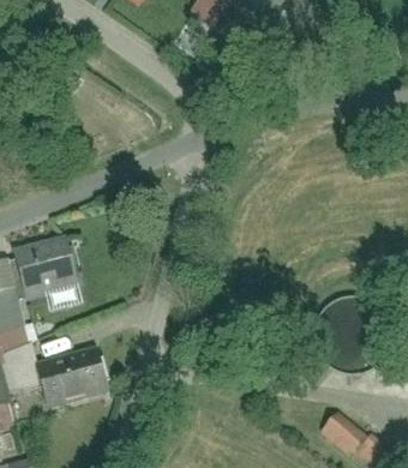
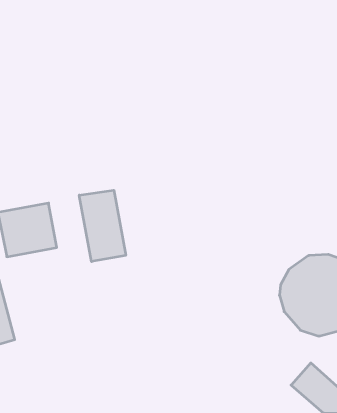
building: none -> [79,190,126,262]
building: [36,349,104,407] -> none

